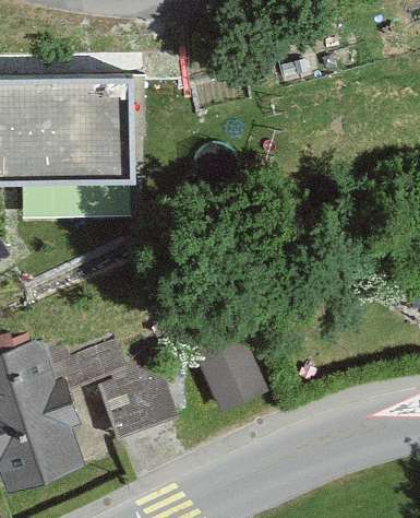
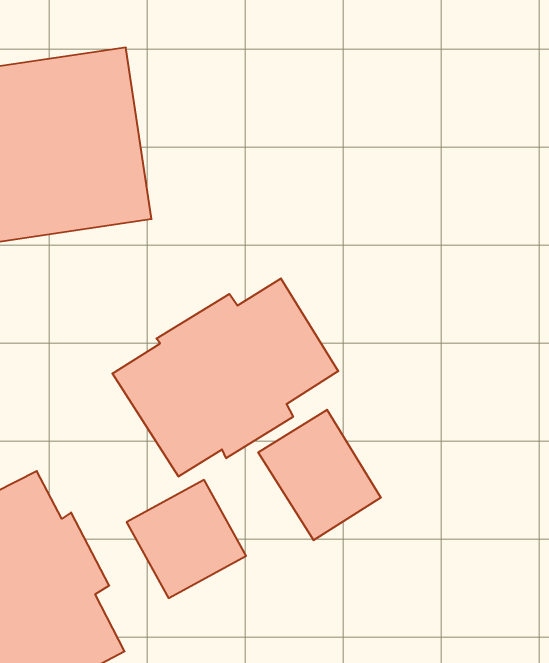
building: none -> [112,278,338,477]

